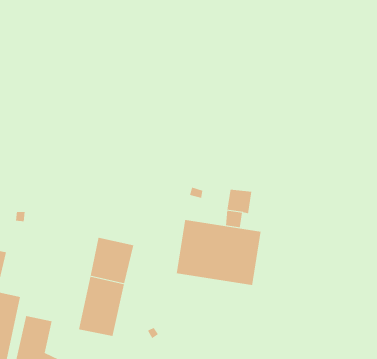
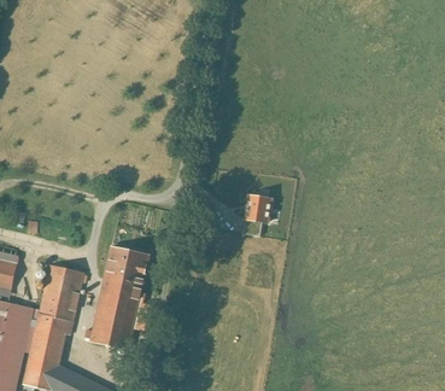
building: [176,219,261,286] -> none
building: none -> [37,264,83,333]

